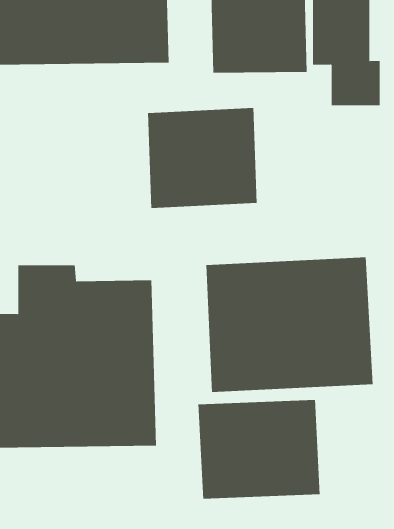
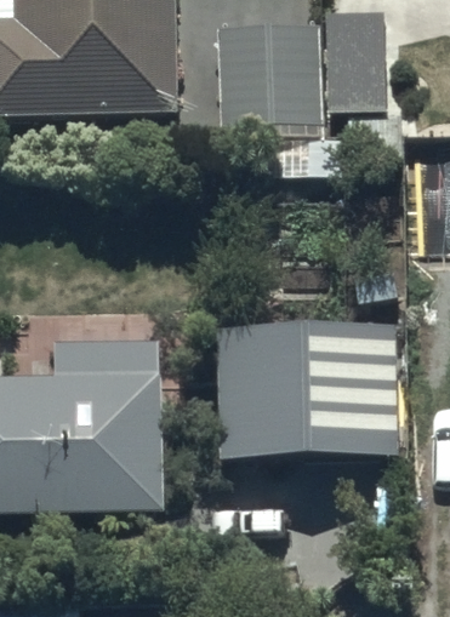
building: [147,107,257,209] -> none
building: [198,399,320,499] -> none

